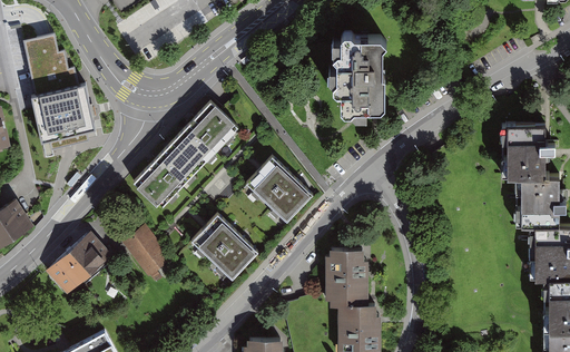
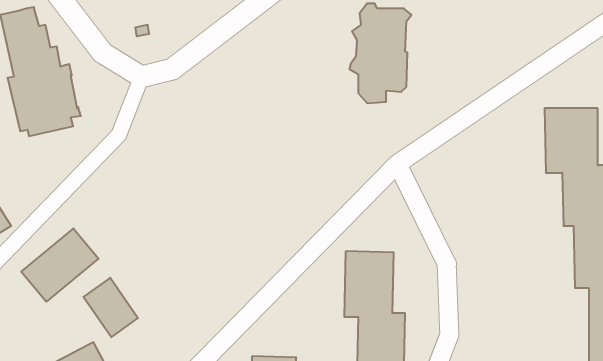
building: [142,101,247,209] -> none
building: [246,159,309,222] -> none
building: [191,215,256,278] -> none
building: [124,227,171,280] -> [83,278,138,337]

